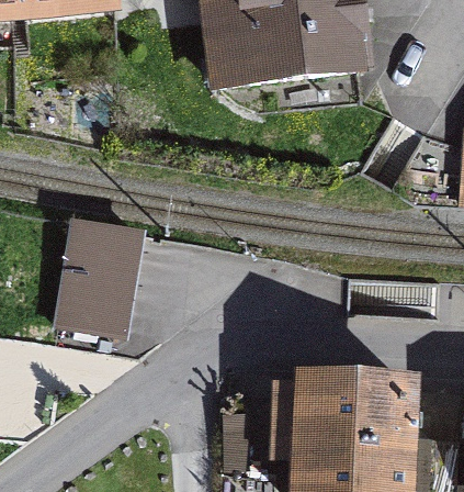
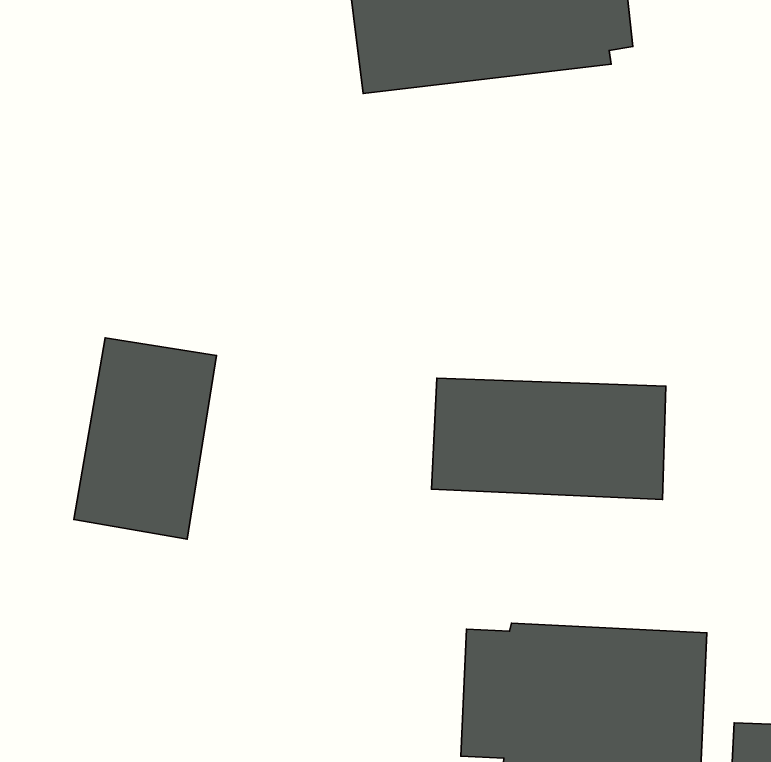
building: none -> [432,378,666,500]

